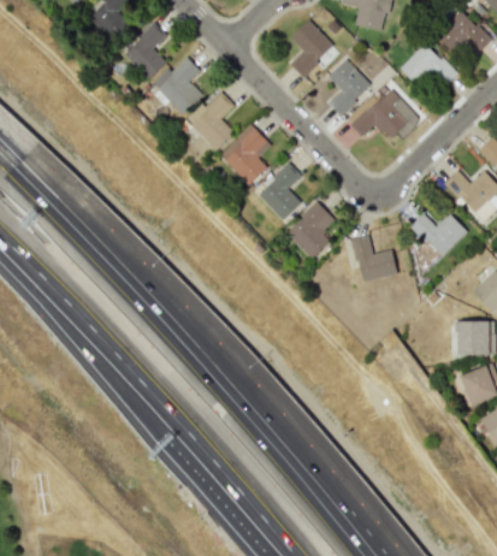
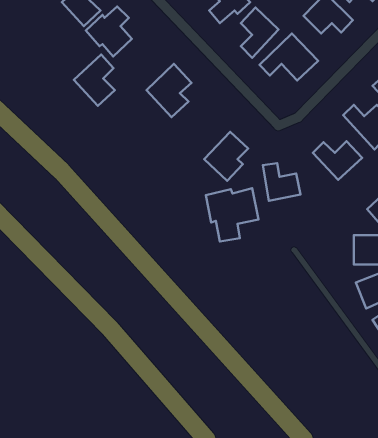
building: [187,90,233,149] -> [74,55,115,106]
building: [255,161,301,220] -> none
building: none -> [206,188,258,241]

